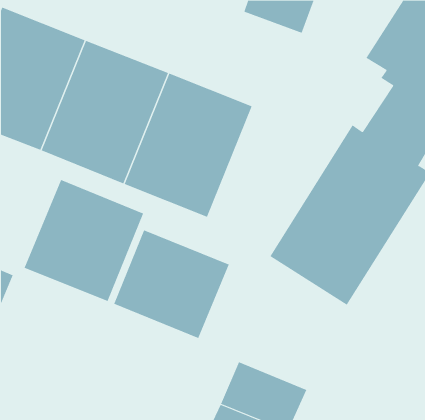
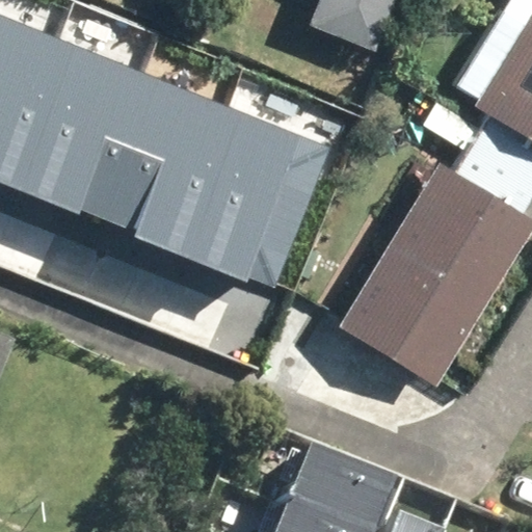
building: [24,179,144,302] -> none
building: [113,230,230,339] -> none

